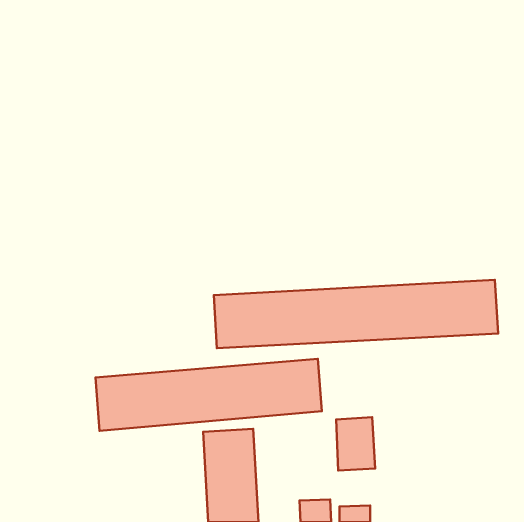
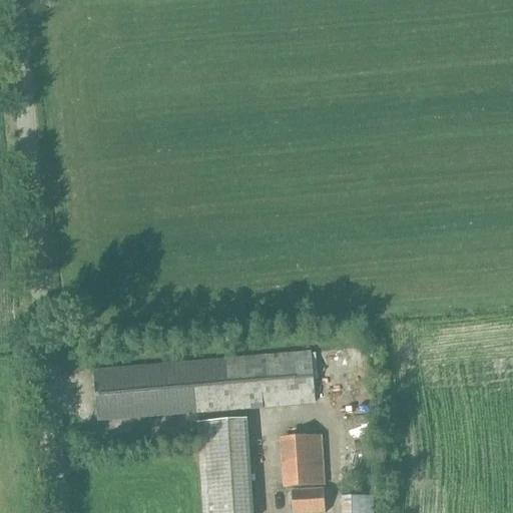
building: [214,280,498,348] -> none
building: [336,417,375,471] -> [283,434,321,486]

